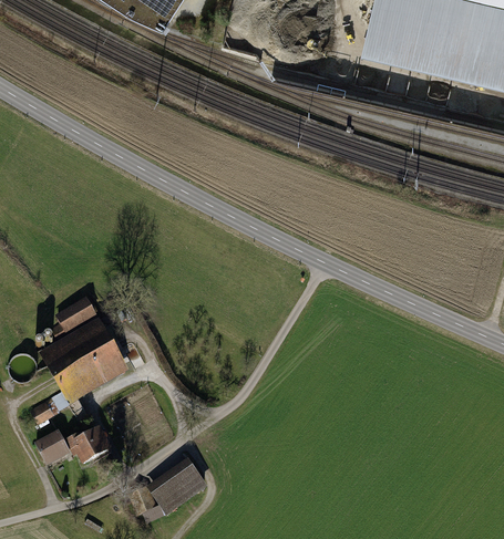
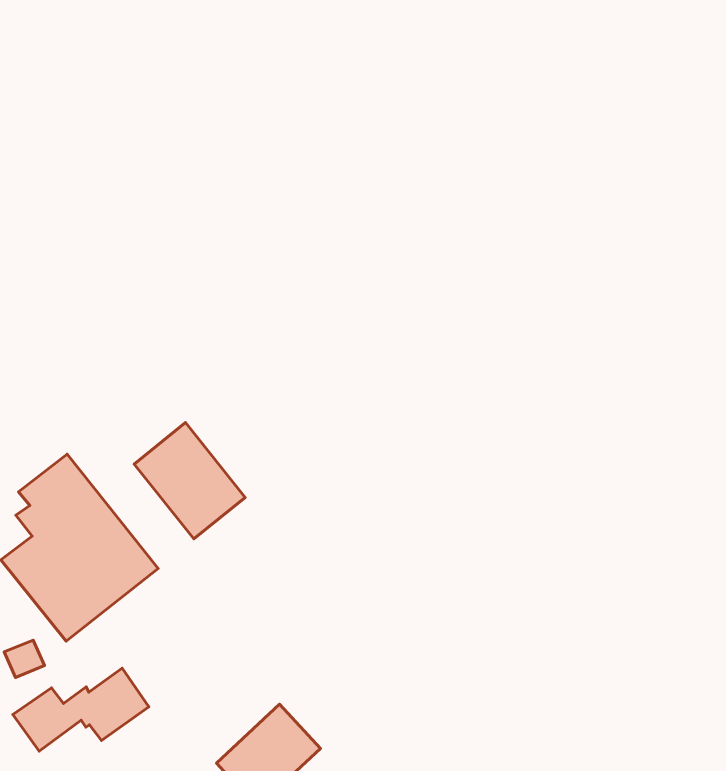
building: none -> [134,423,245,539]

